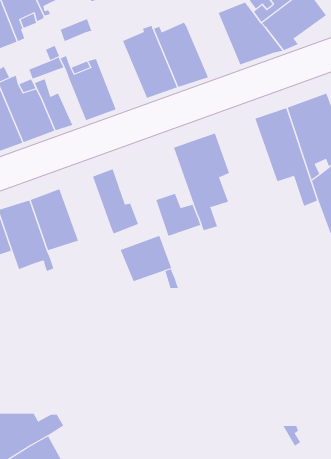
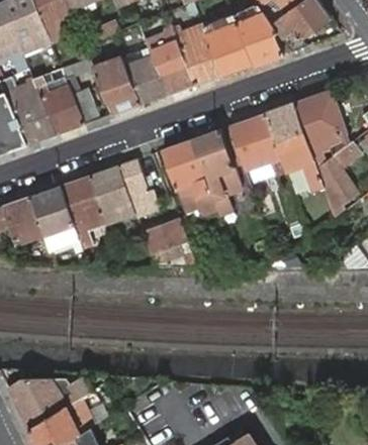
building: none -> [202,16,251,76]
building: none -> [117,42,166,105]
building: none -> [228,113,284,183]
building: none -> [162,139,208,194]
building: none -> [87,165,133,234]

